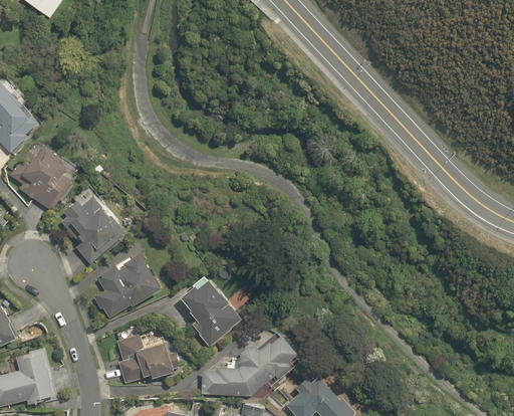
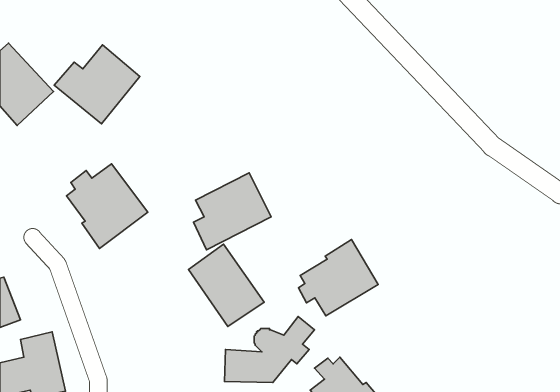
building: [9,144,87,216] -> [54,45,140,124]
building: [95,253,167,324] -> [193,173,271,250]
building: none -> [298,240,378,316]
building: [111,328,176,386] -> none

